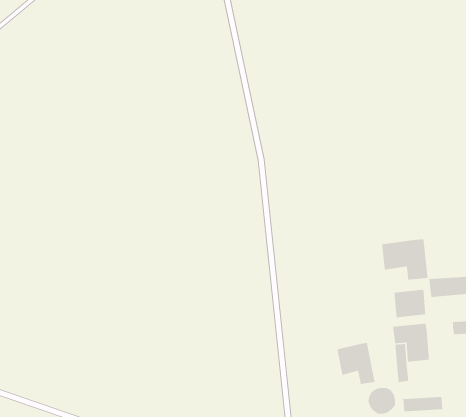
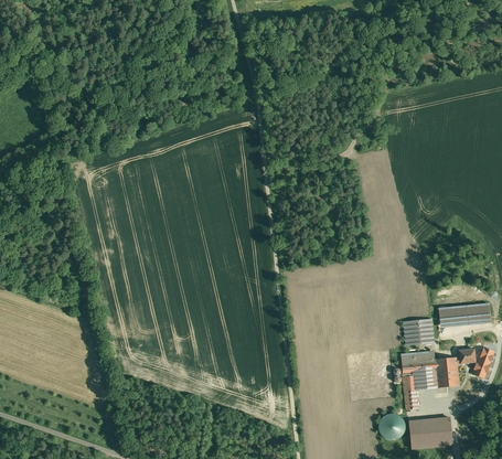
building: [381,239,429,280] -> none
building: none -> [436,356,460,387]
building: [337,342,376,385] -> none

